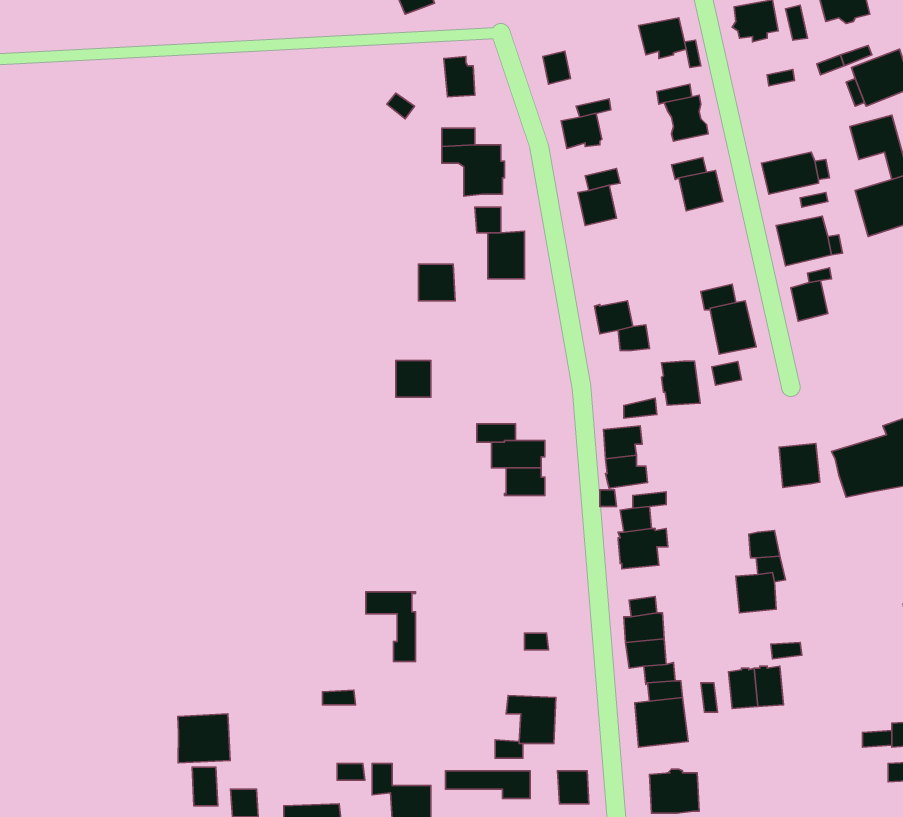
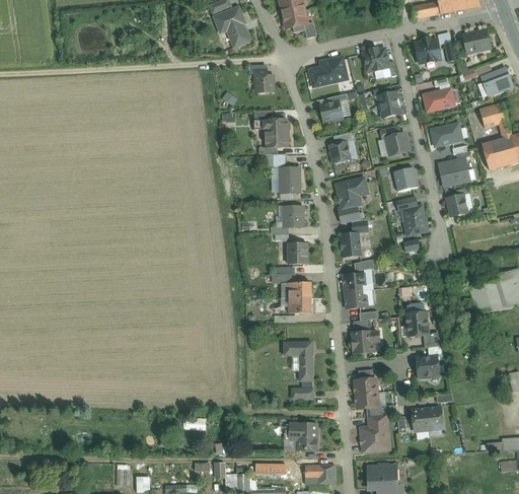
building: none -> [320,59,346,83]
building: none -> [423,88,454,111]
building: none -> [392,166,417,191]
building: none -> [336,178,367,208]
building: [418,264,455,301] -> [283,206,303,226]
building: [396,361,431,397] -> [287,242,306,263]
building: [662,361,700,405] -> [340,232,361,257]
building: [779,443,820,488] -> [405,311,428,336]
building: [366,592,416,662] -> [284,342,311,380]
building: [178,714,230,763] -> none

